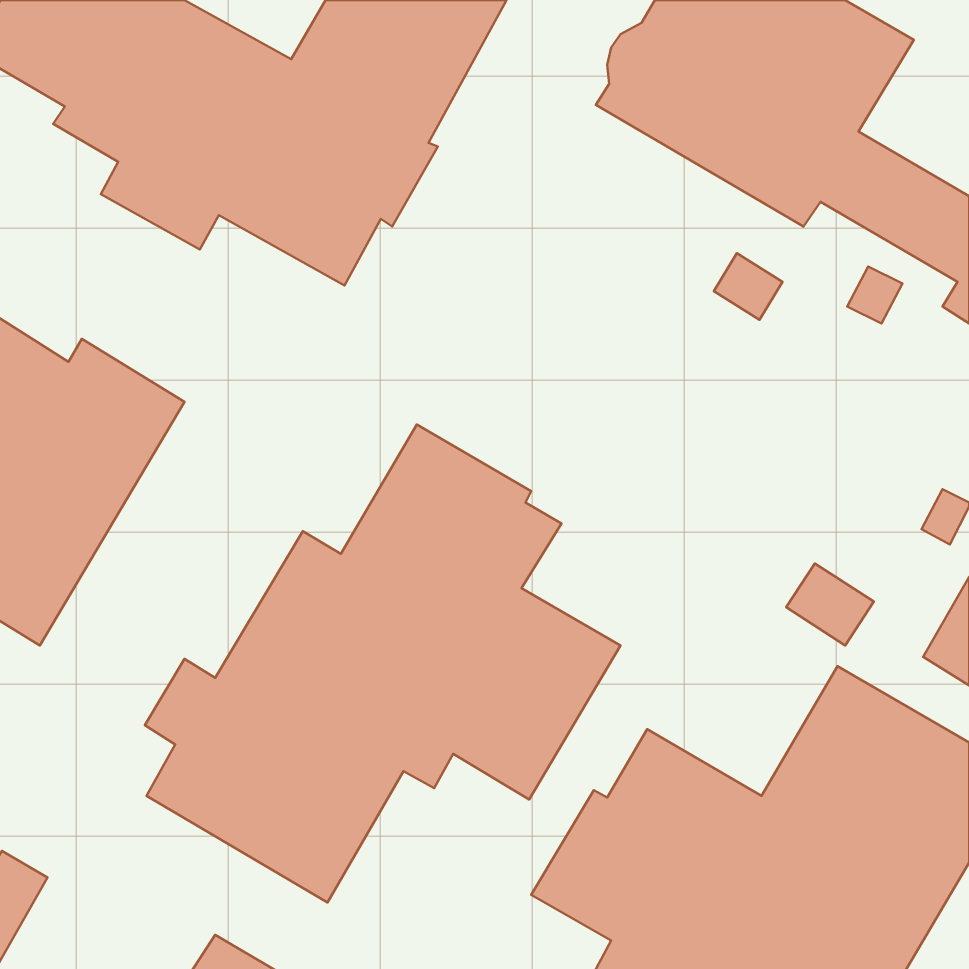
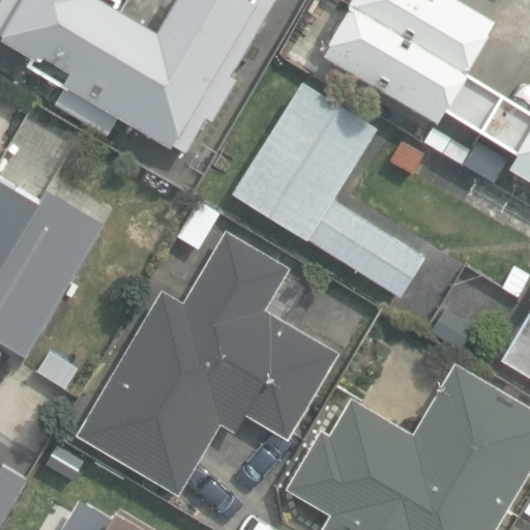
building: none -> [232,81,425,299]

